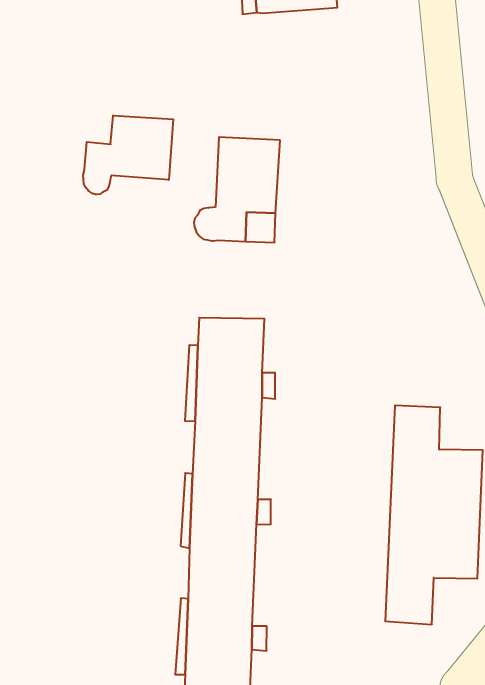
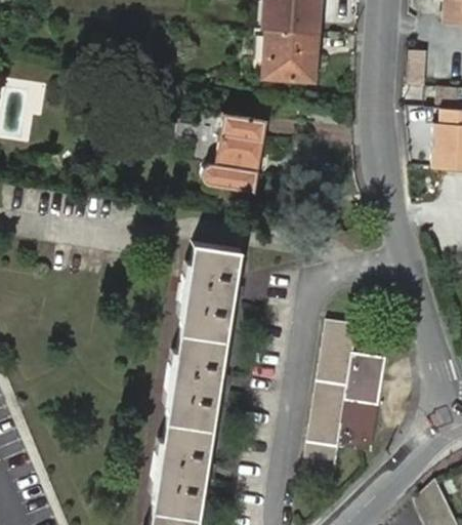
building: none -> [263,31,319,82]
building: [83,115,173,195] -> none

